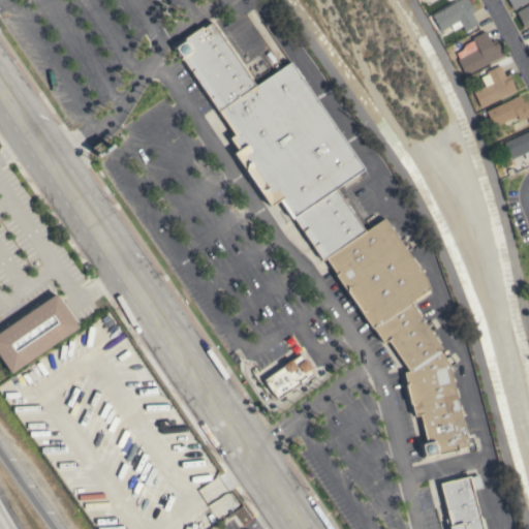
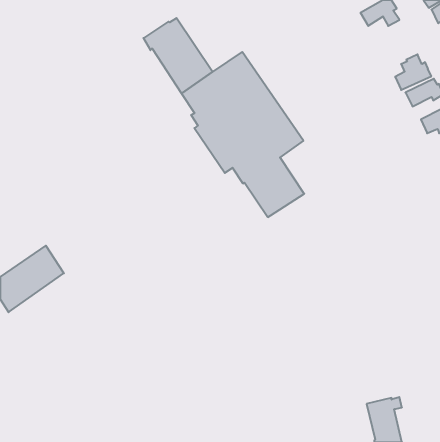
building: [459,31,505,75] -> none
building: [325,219,469,459] -> none
building: [264,354,316,400] -> none

